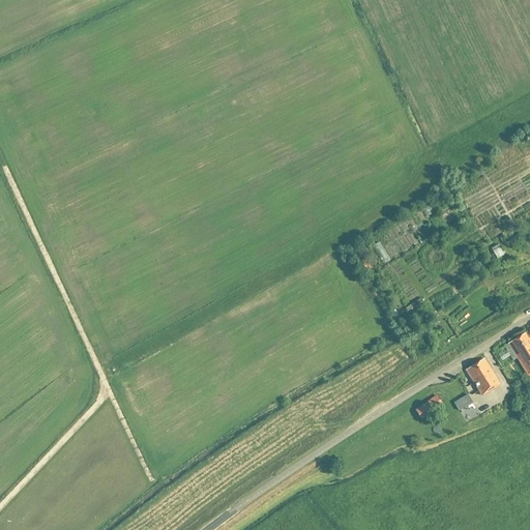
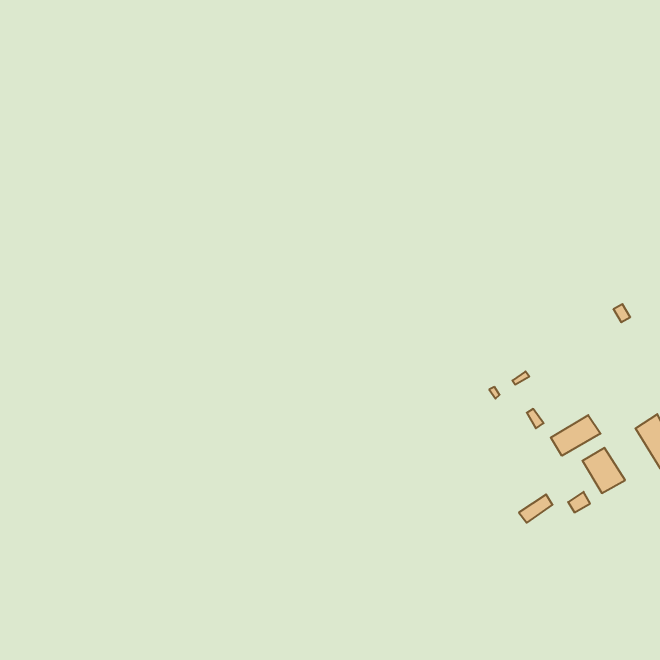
building: none -> [551,415,601,456]

